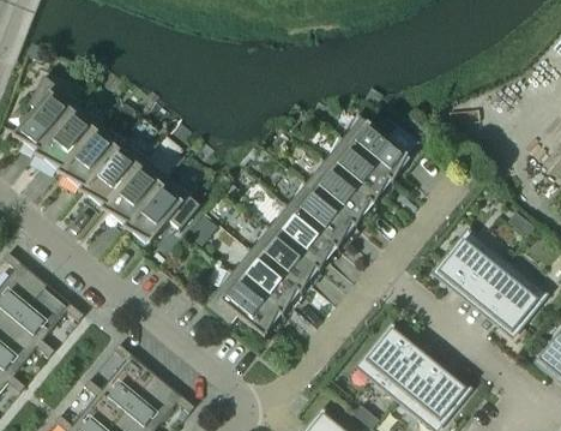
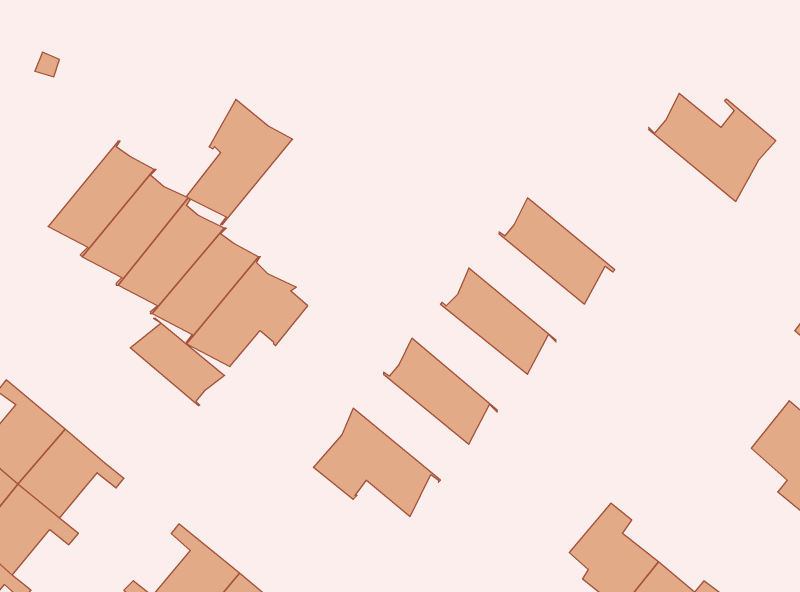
building: [12,76,79,155] -> [186,99,293,225]
building: [338,114,418,182] -> [649,93,776,201]
building: [301,160,374,227] -> none
building: [265,204,338,271] -> none
building: none -> [130,318,225,406]
building: [438,241,503,295] -> none
building: [228,249,301,316] -> none

